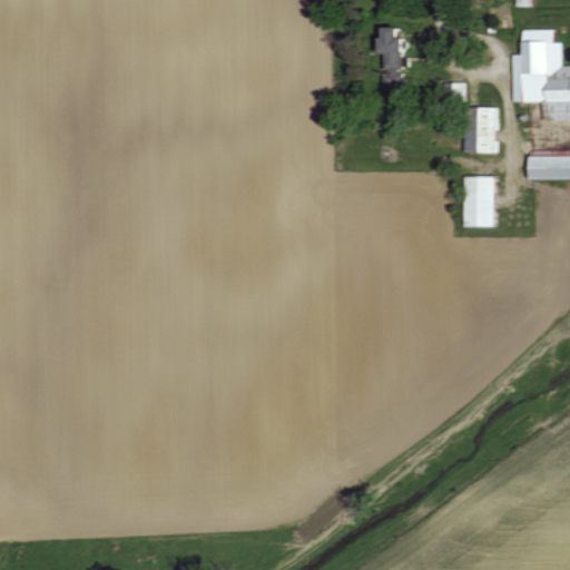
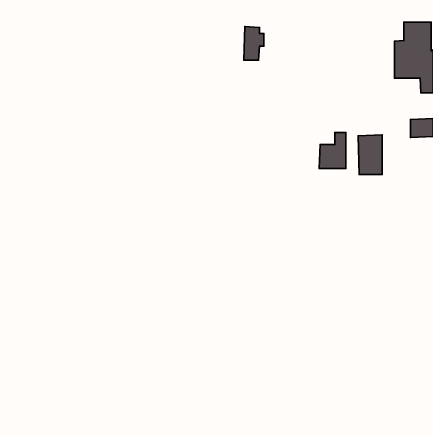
building: [384,27,410,70] -> [244,27,264,60]
building: [462,107,497,154] -> [319,133,346,169]

